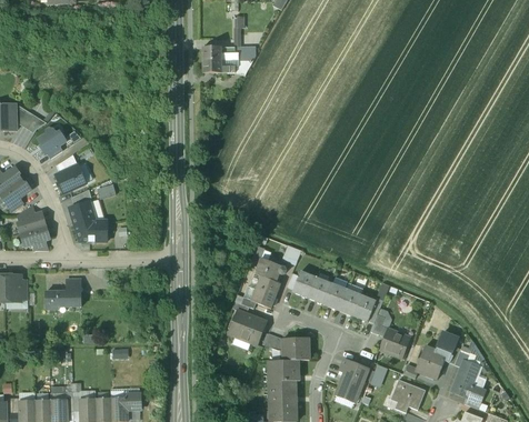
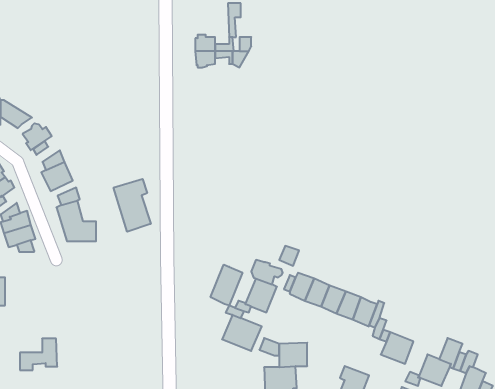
building: none -> [114,179,151,232]
building: none -> [211,265,242,305]
building: [46,278,81,308] -> [20,339,57,370]

